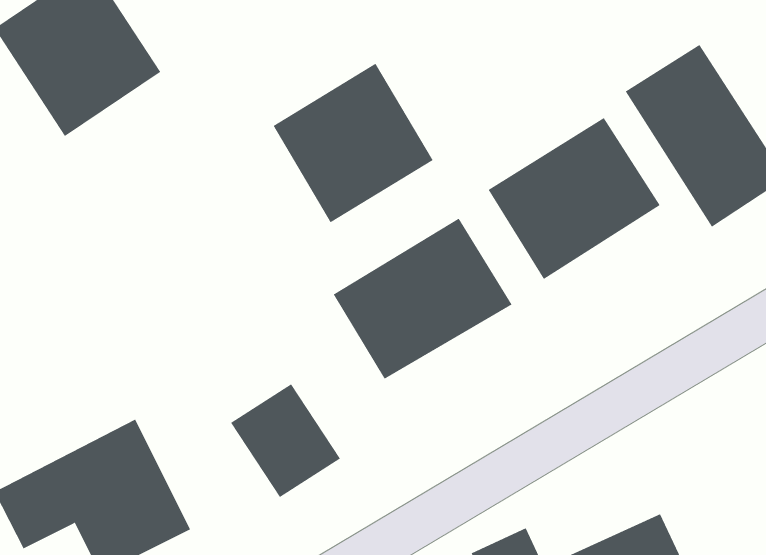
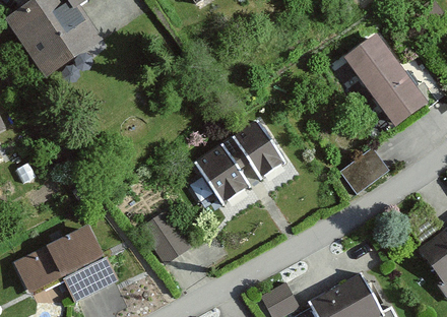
building: [273,63,433,223] -> none
building: [488,117,661,280] -> none
building: none -> [341,147,386,190]

